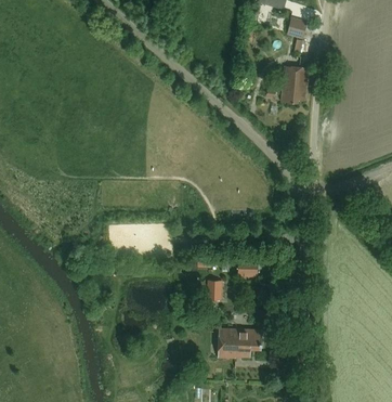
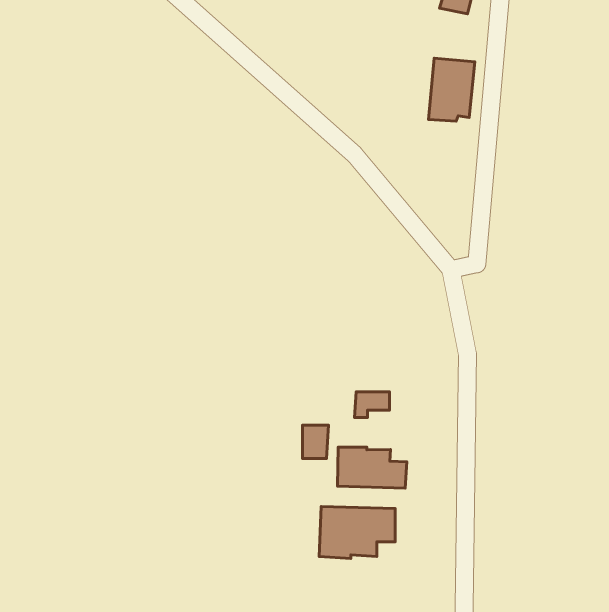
building: none -> [338,447,407,488]

